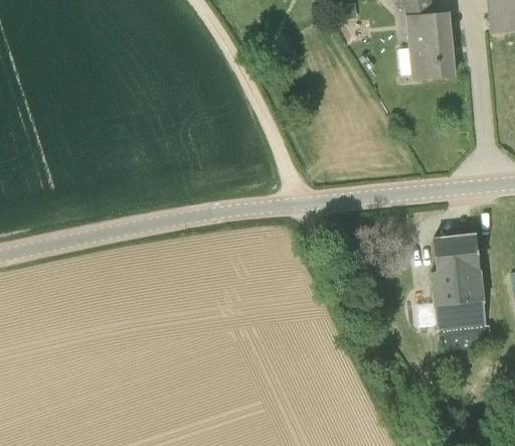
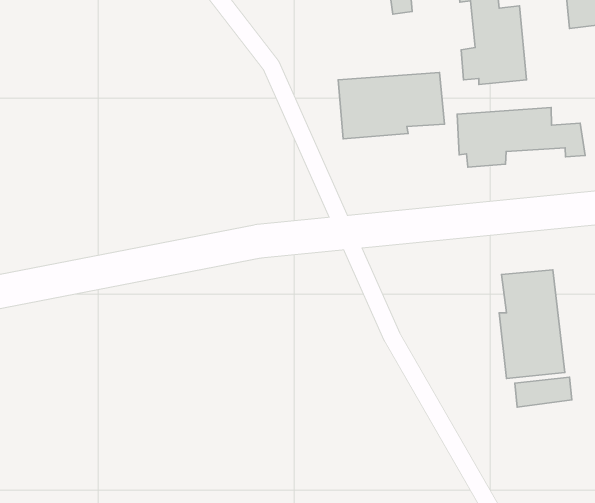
building: none -> [338,72,444,139]
building: none -> [457,108,585,167]

